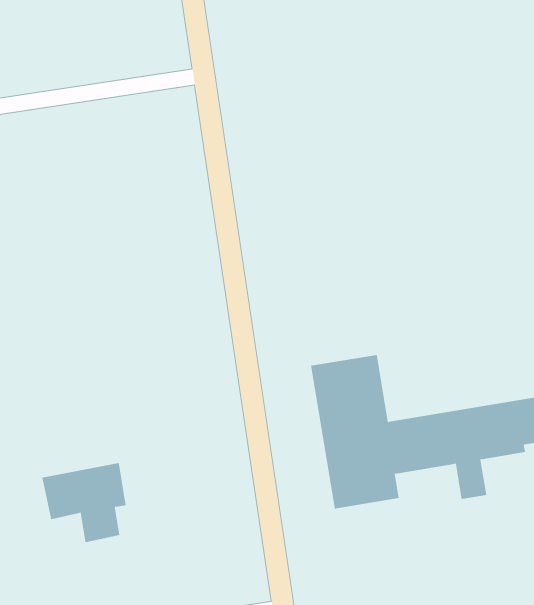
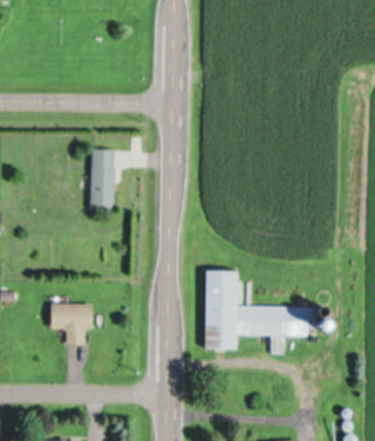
building: none -> [92,150,114,210]

